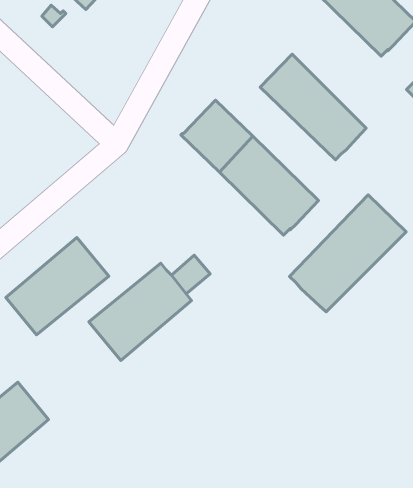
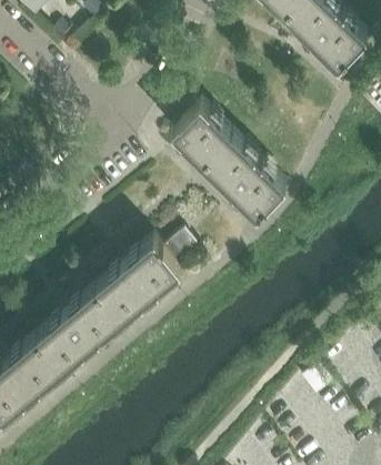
building: [260,54,366,160] -> none
building: [289,195,406,312] -> none
building: [6,237,109,335] -> [33,293,119,374]

